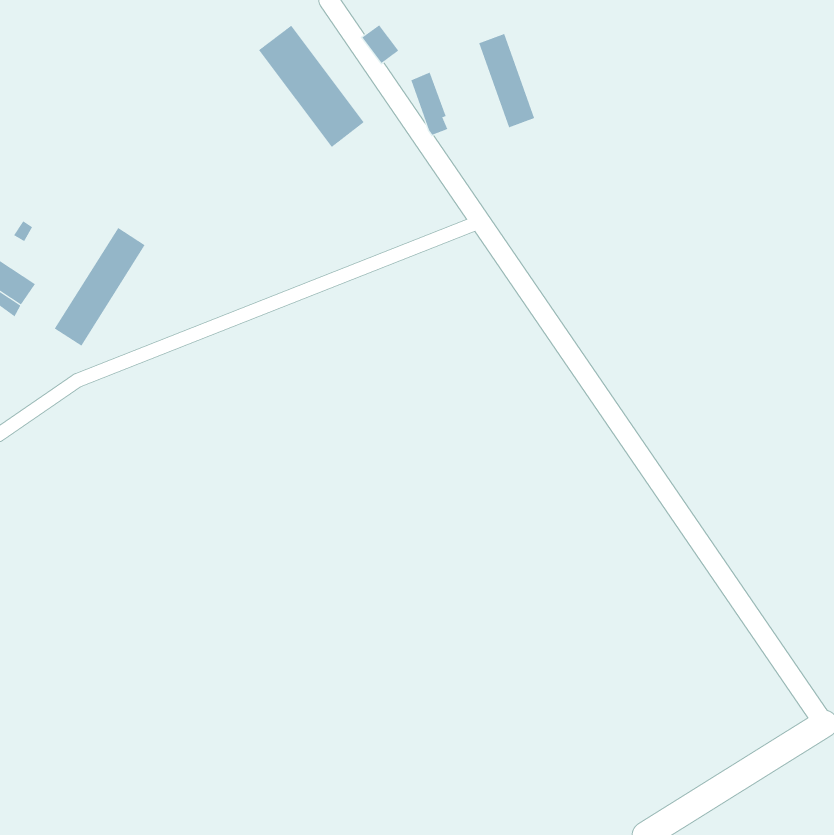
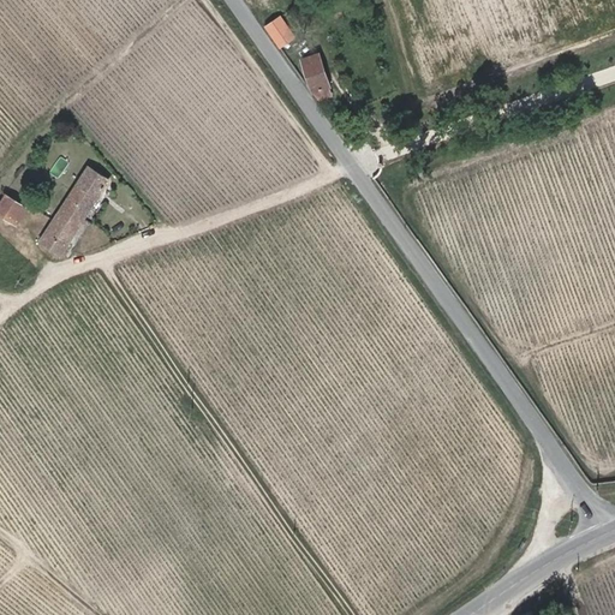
building: [258,25,365,148] -> none
building: [478,33,535,128] -> none

